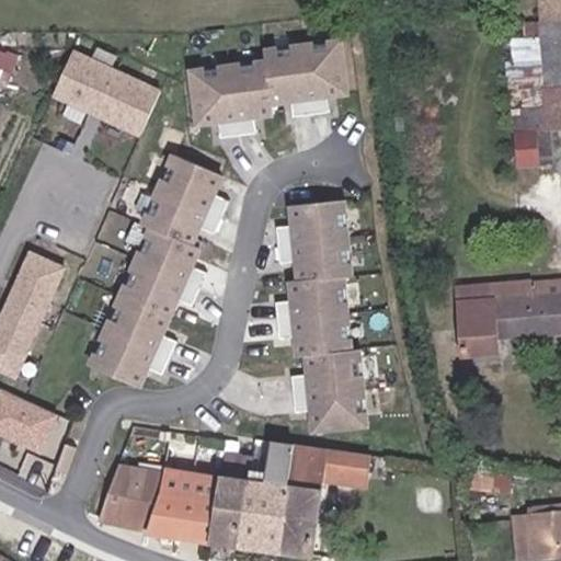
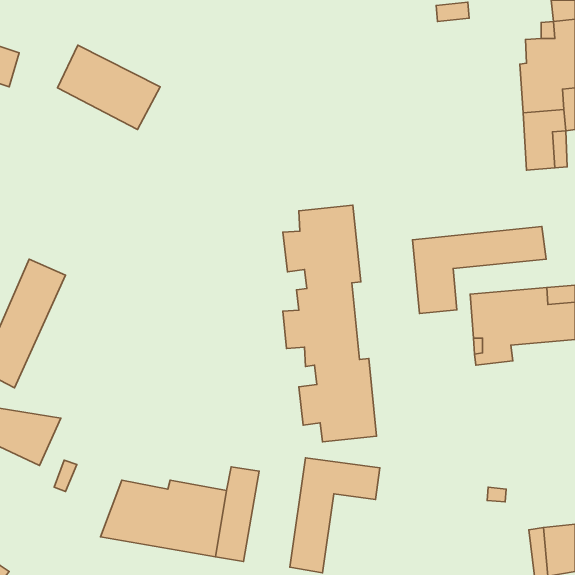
building: [190,42,345,139] -> none
building: [90,156,229,388] -> none
building: none -> [413,227,546,314]
building: [237,443,297,552] -> none

